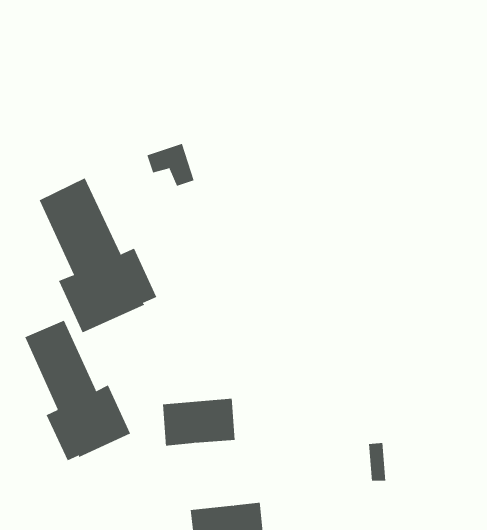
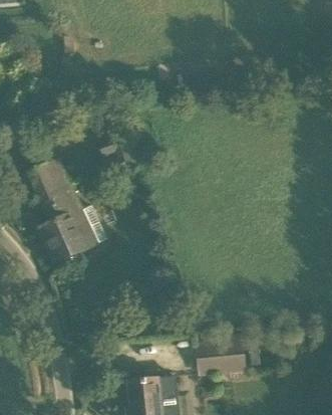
building: [25,320,131,461] -> none
building: [162,398,236,446] -> [197,343,246,375]

